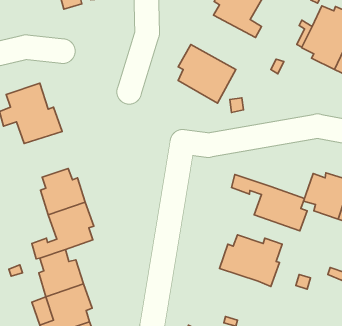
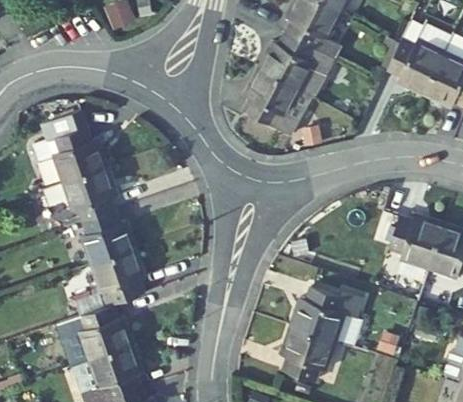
building: none -> [257,33,332,97]
building: none -> [43,168,117,221]
building: [231,174,307,231] -> none
building: none -> [281,327,335,381]

